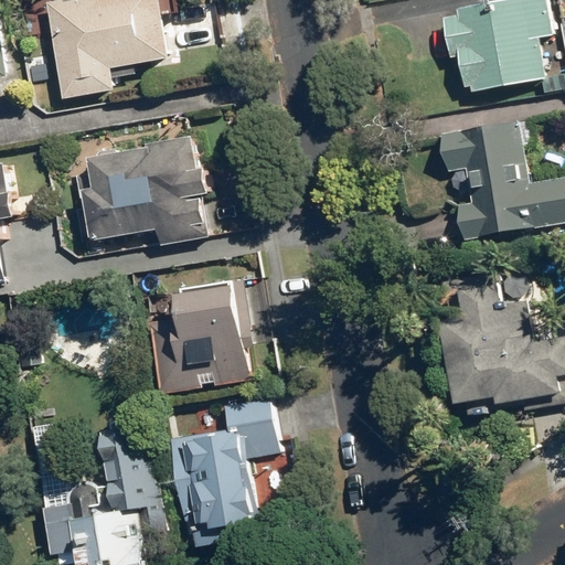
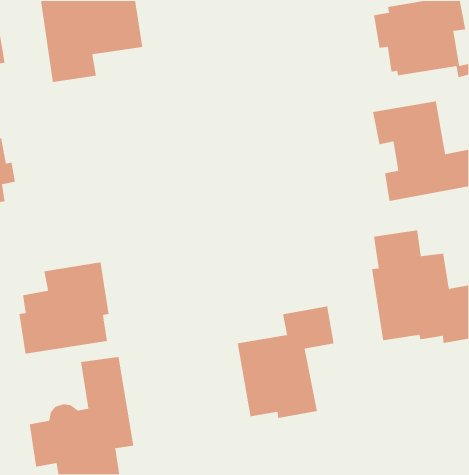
building: [76,136,211,244] -> none
building: [146,284,254,394] -> [18,262,110,354]
building: [162,394,278,529] -> [237,306,334,419]

